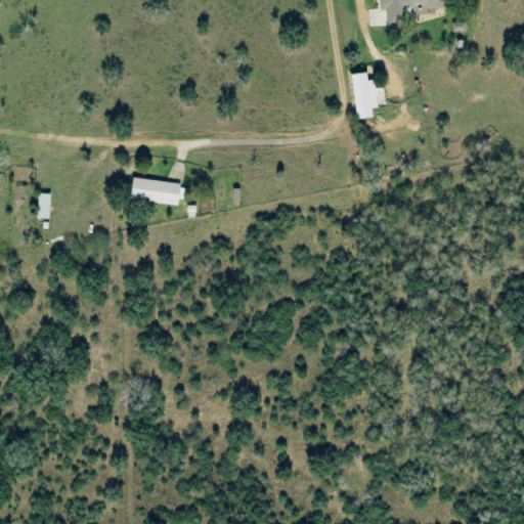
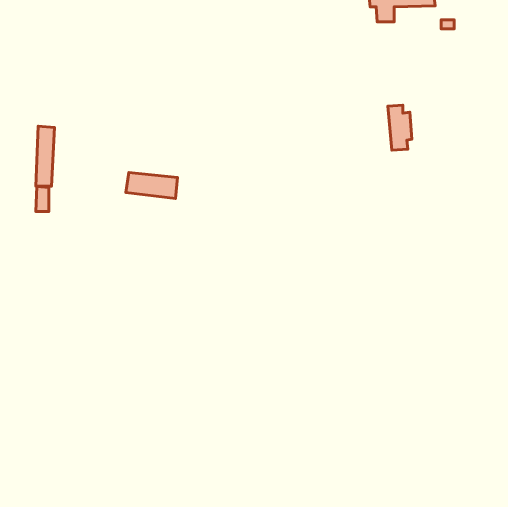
building: [352,71,377,117] -> [388,105,412,150]
building: none -> [36,126,55,186]

